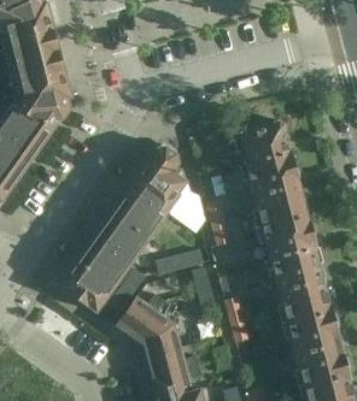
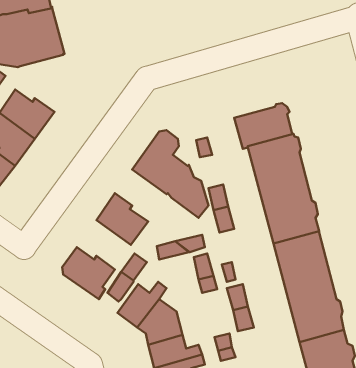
building: [16,72,70,128] -> none
building: [113,184,169,235] -> none
building: [76,234,129,282] -> none

